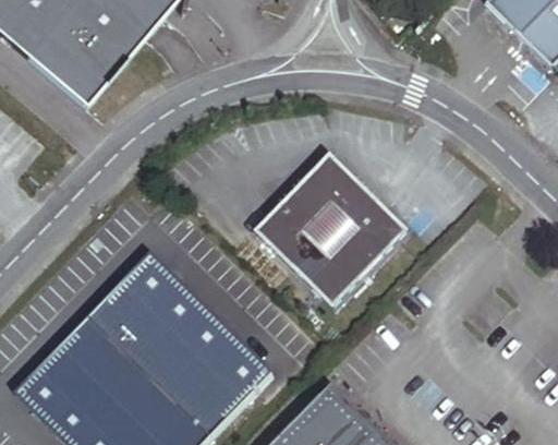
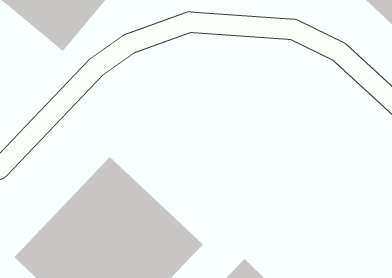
building: [246,156,400,309] -> none

